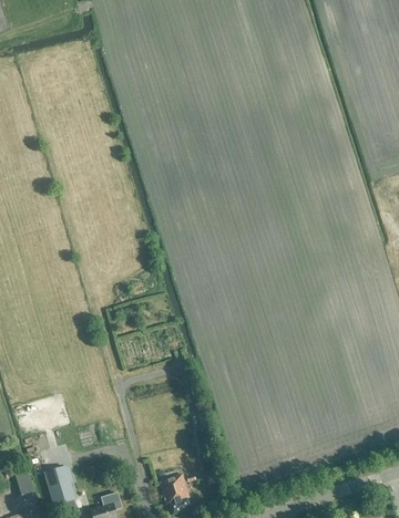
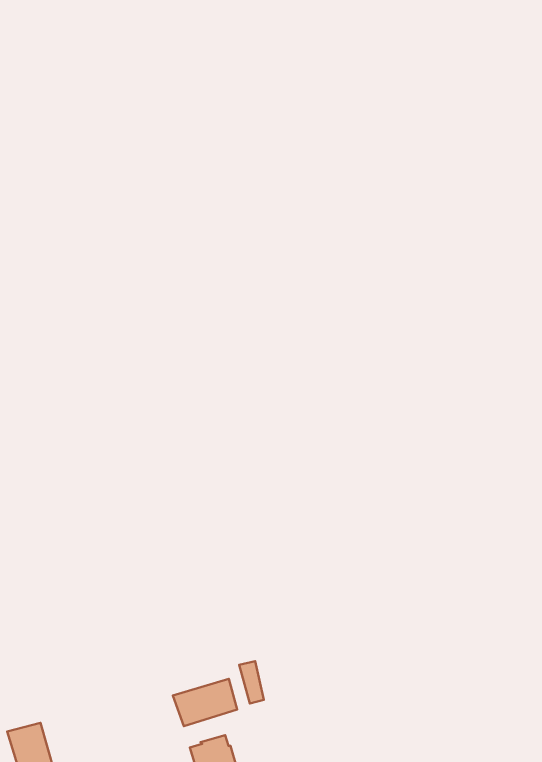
building: none -> [173,679,237,726]

